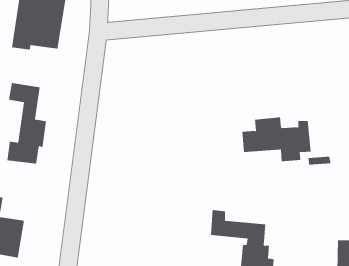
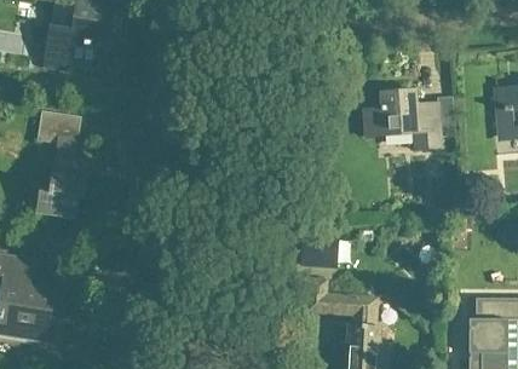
building: [241,117,311,162] -> [363,91,455,150]

